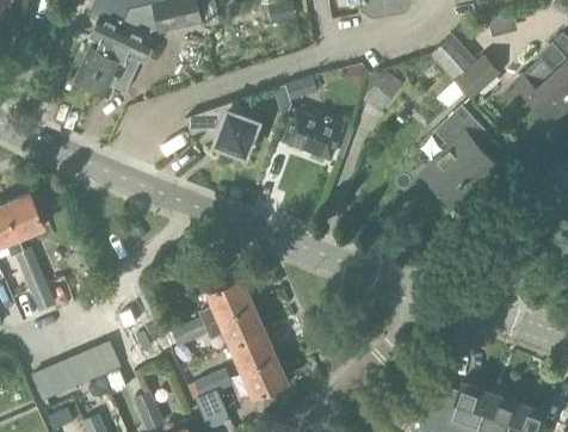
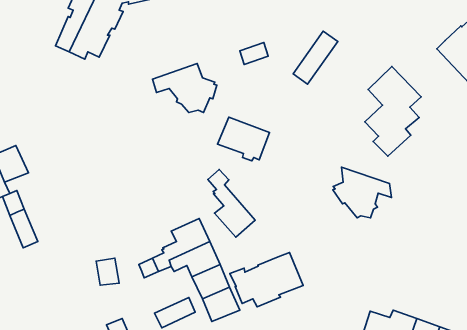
building: [432,36,504,100] -> none
building: [284,110,344,160] -> [217,117,269,161]
building: none -> [333,167,392,218]
building: none -> [208,170,255,237]
building: none -> [230,252,303,307]
building: [32,339,122,401] -> none

